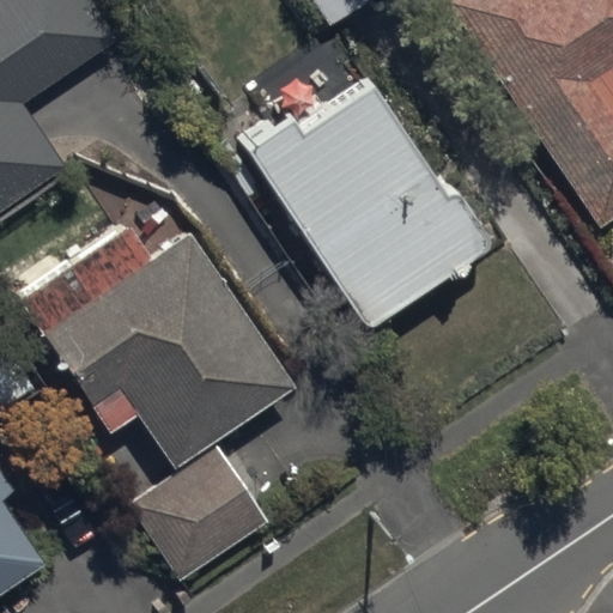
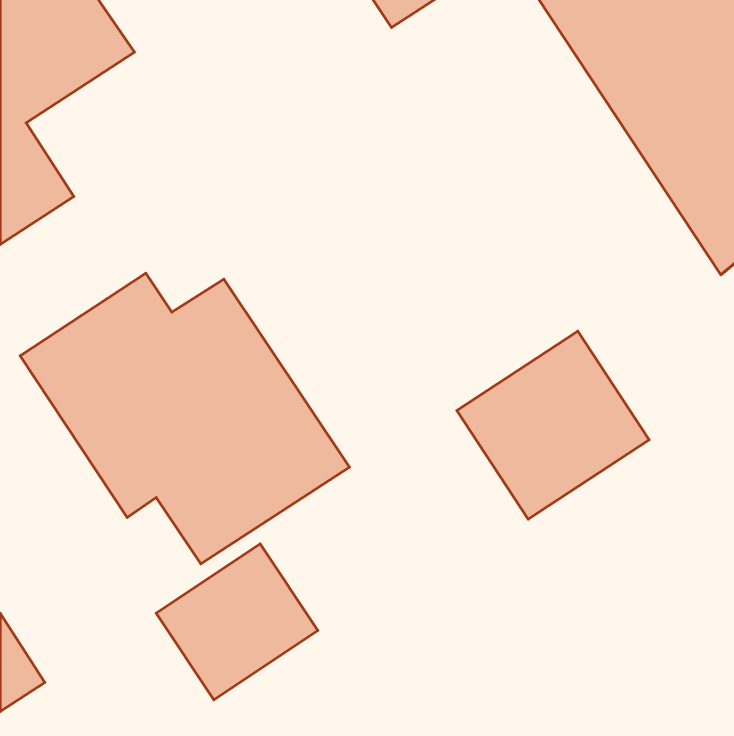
building: [248,74,479,323] -> none
building: none -> [457,331,649,519]

